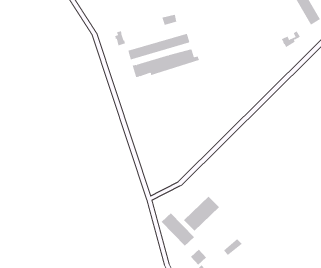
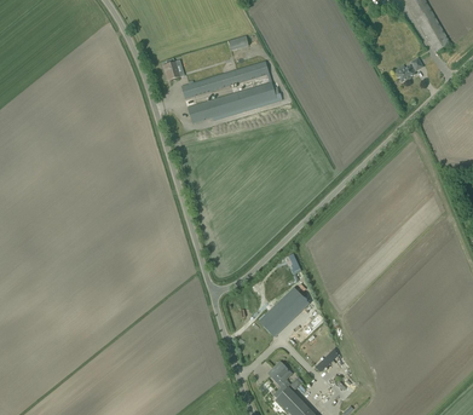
building: [161,213,195,247] -> none

